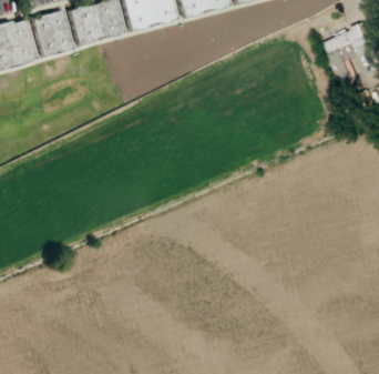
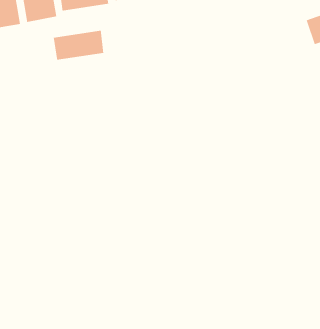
building: none -> [53,30,104,60]

